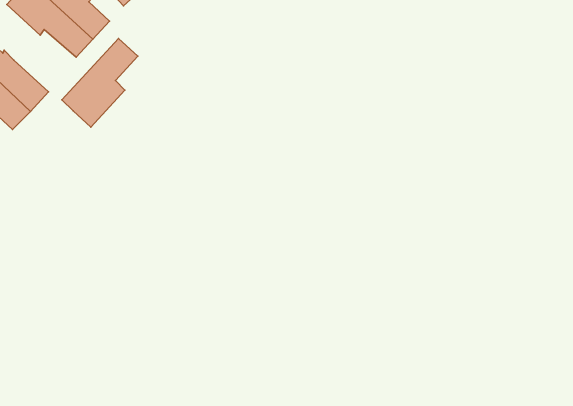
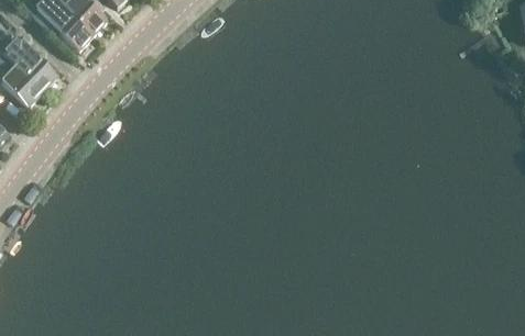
building: [62,38,138,127] -> none

